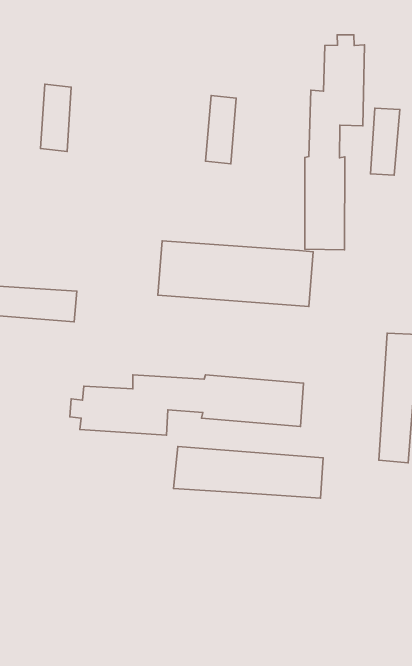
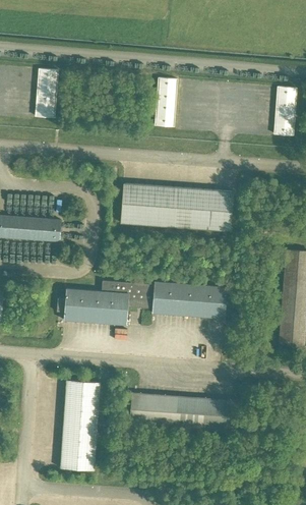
building: [305,35,365,250] -> none
building: [174,447,323,498] -> [129,393,238,431]
building: none -> [60,380,100,470]

